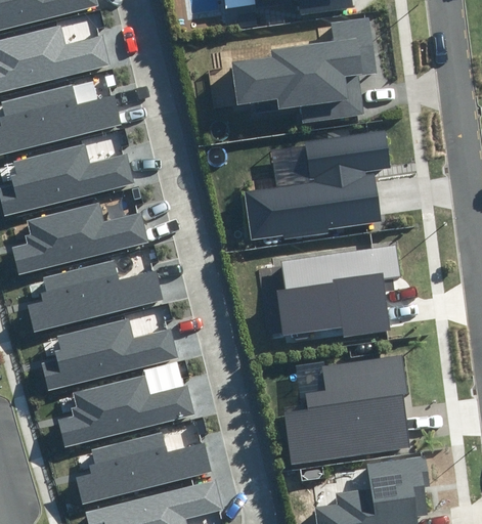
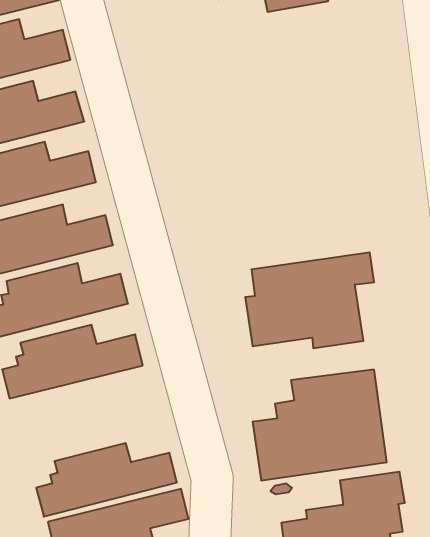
building: [232,18,376,122] -> none
building: [243,133,386,242] -> none
building: [57,374,191,444] -> none

